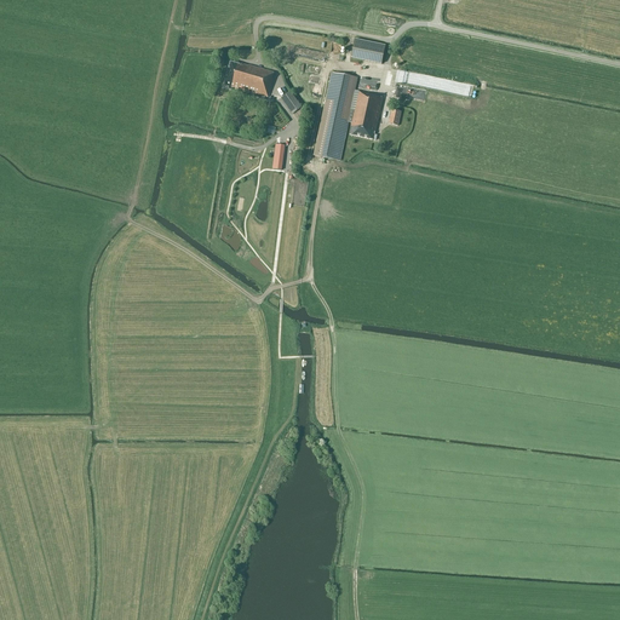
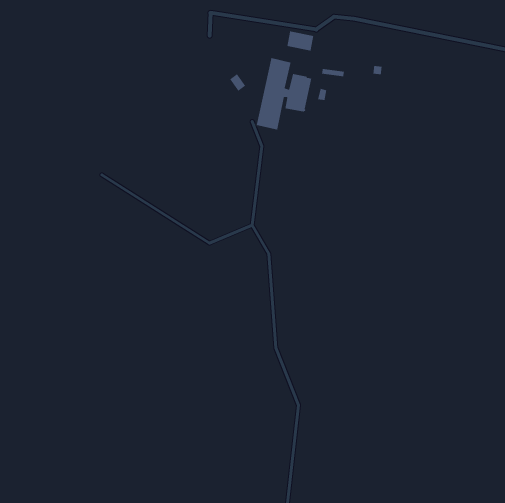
building: [224,59,274,101] -> none

